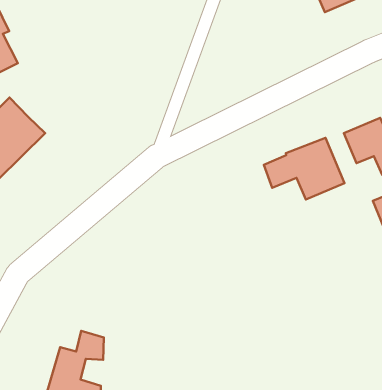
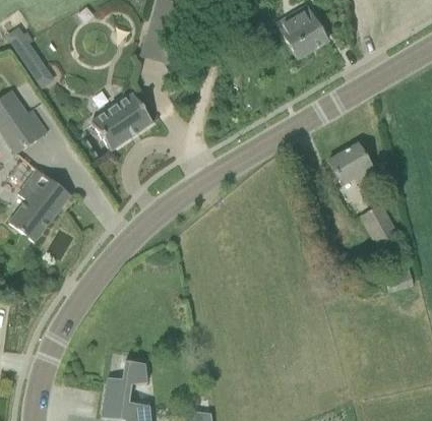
building: none -> [90,93,152,149]
building: [264,138,344,199] -> none

